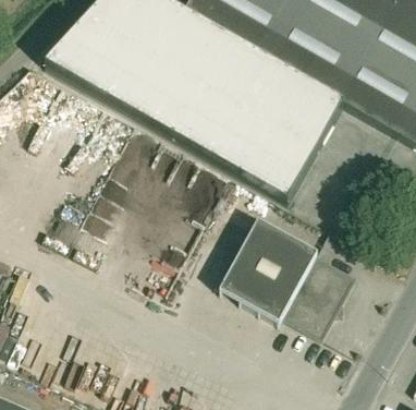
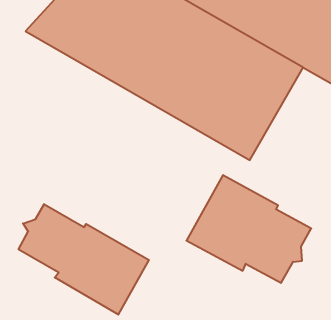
building: none -> [19,204,149,315]

